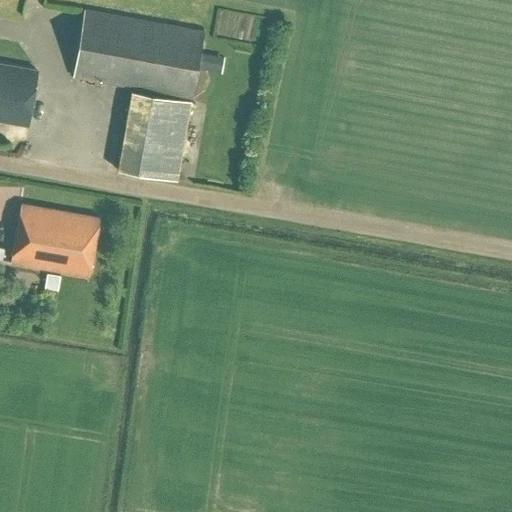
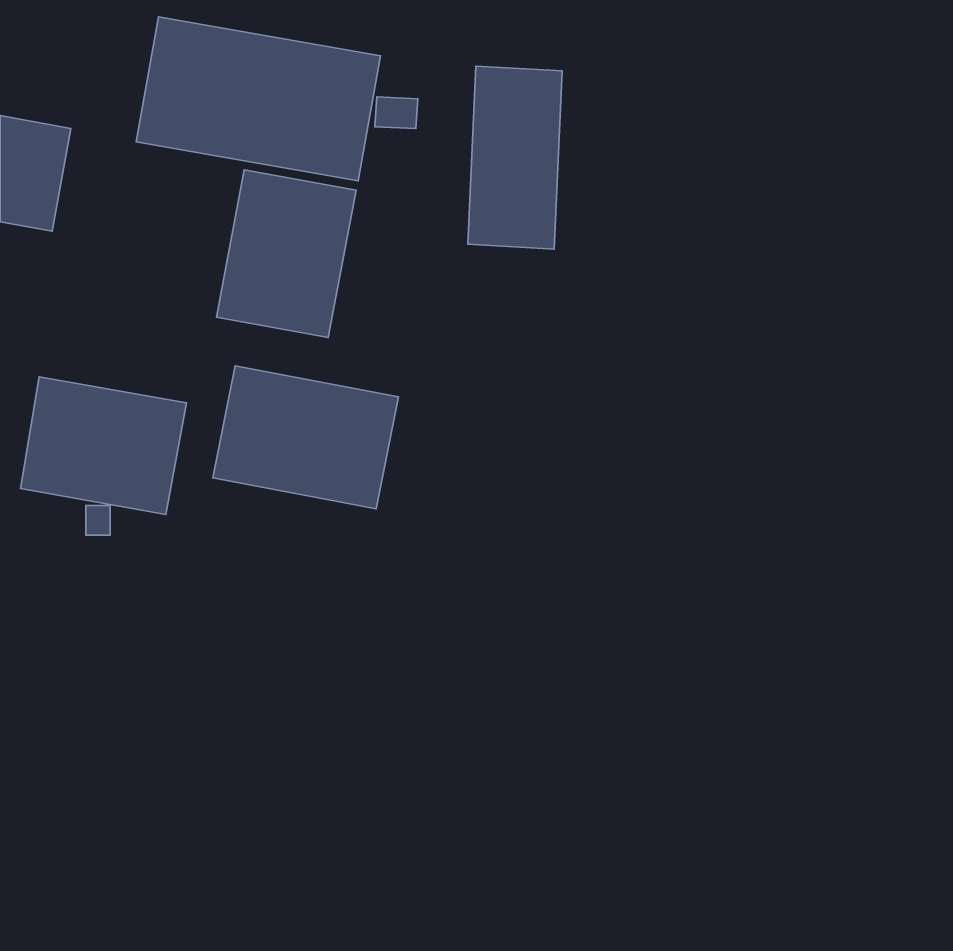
building: none -> [468,66,562,249]
building: none -> [213,366,398,509]

